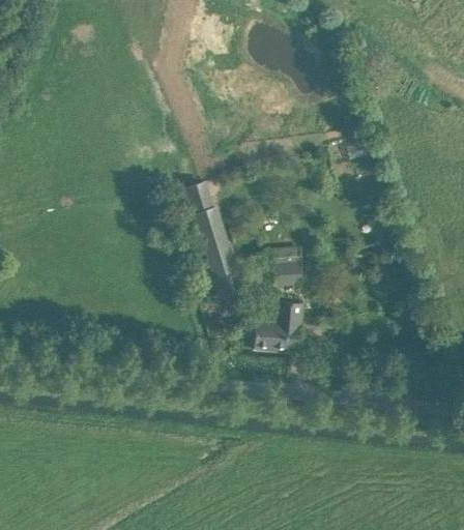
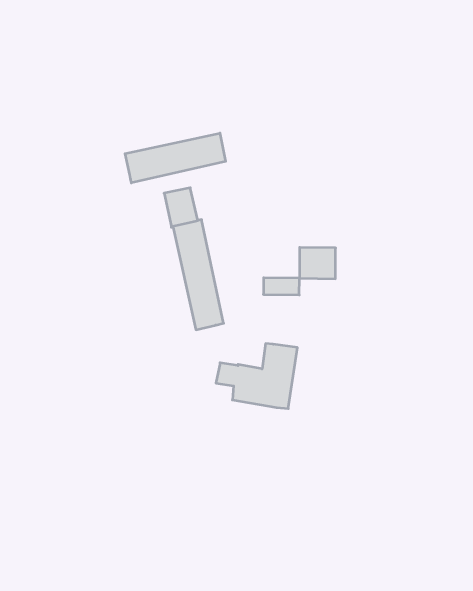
building: none -> [125,133,226,183]
building: [271,260,302,287] -> [299,247,336,279]

